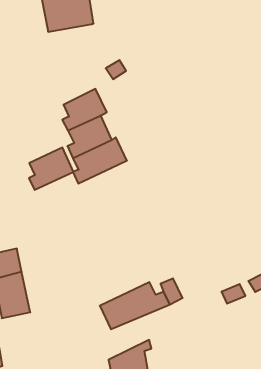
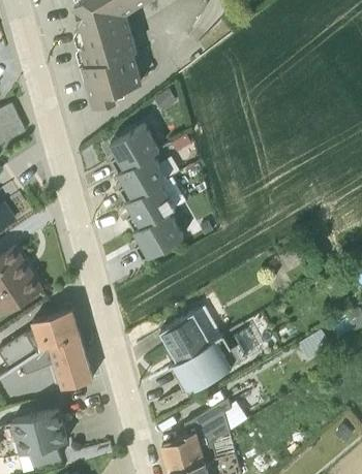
building: none -> [84,55,143,109]
building: [29,147,73,190] -> [134,212,184,261]
building: none -> [160,306,222,366]

